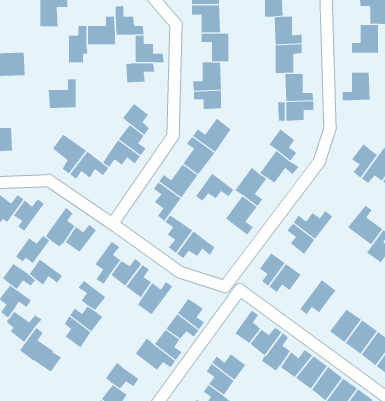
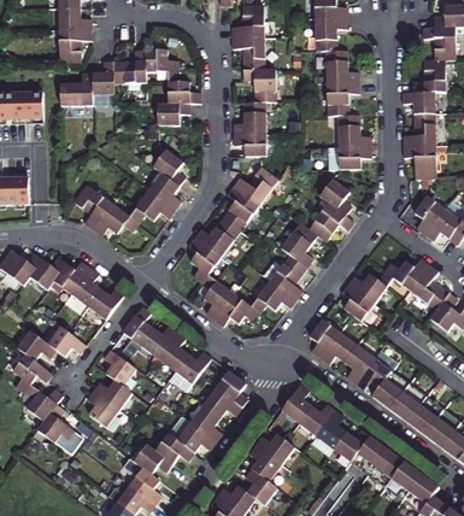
building: none -> [401,92,434,113]
building: [48,79,77,109] -> [59,71,92,105]
building: none -> [403,145,435,178]
building: [195,173,234,201] -> [251,280,295,312]
building: none -> [383,258,429,289]
building: [15,235,50,264] -> [49,260,89,293]
building: none -> [343,344,374,382]
building: none -> [371,369,407,407]
building: none -> [155,433,193,462]

